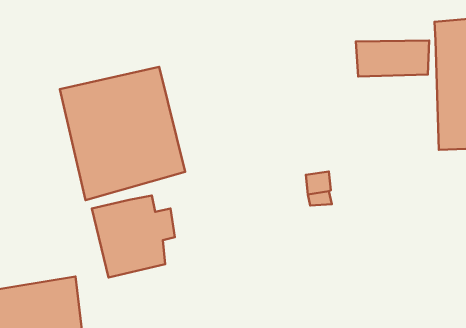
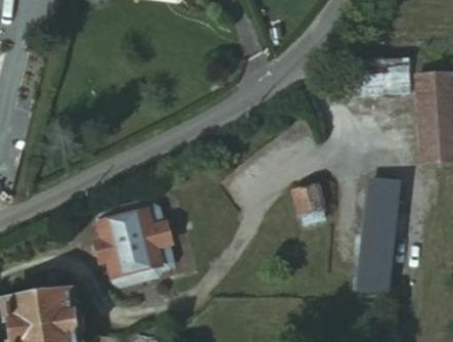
building: [60,67,185,200] -> none
building: none -> [357,178,399,290]

